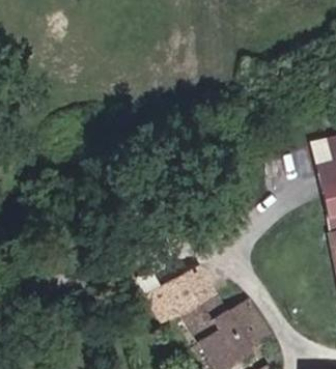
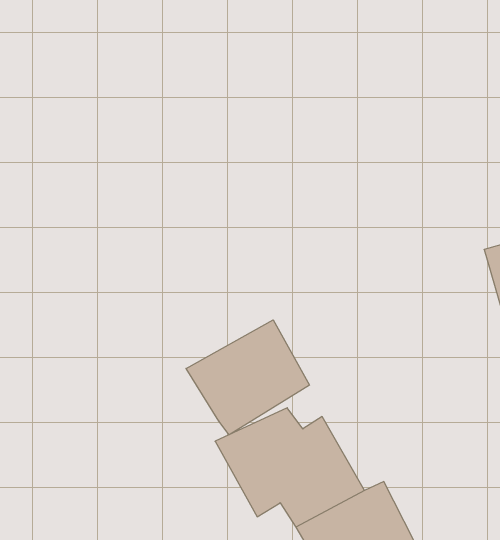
building: none -> [186,320,309,435]

